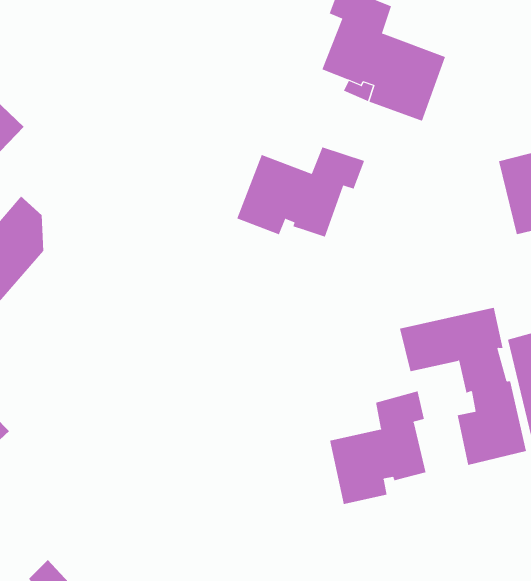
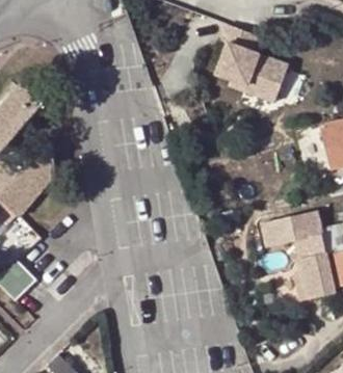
building: [237,147,365,238] -> none
building: [330,391,426,505] -> none

